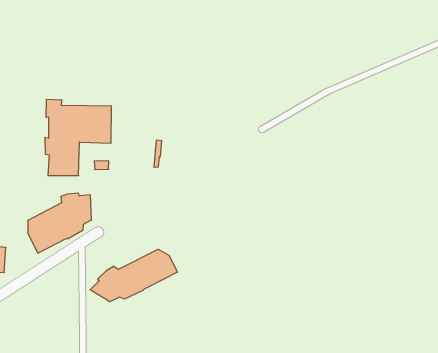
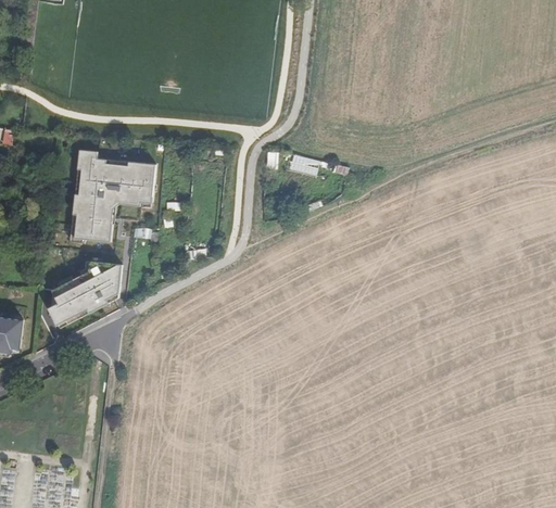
building: [90,249,177,302] -> none

